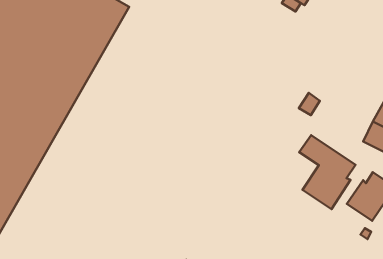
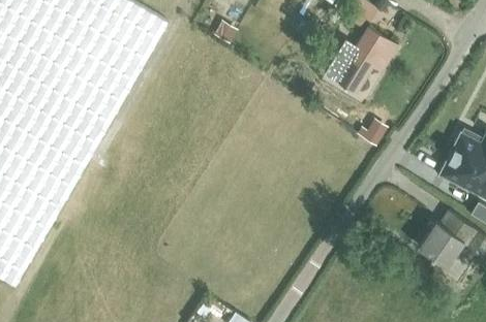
building: none -> [334,27,397,93]
building: [299,135,356,209] -> none

